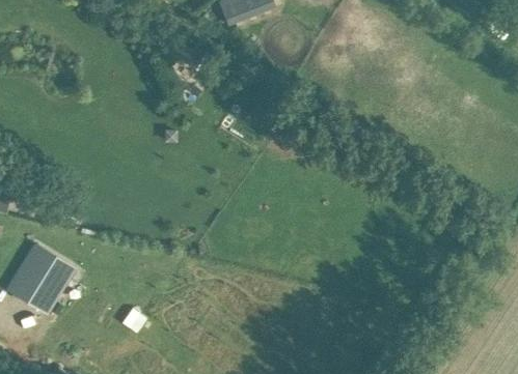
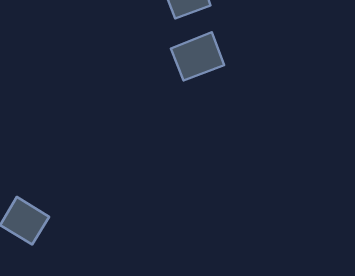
building: none -> [171,32,224,80]

